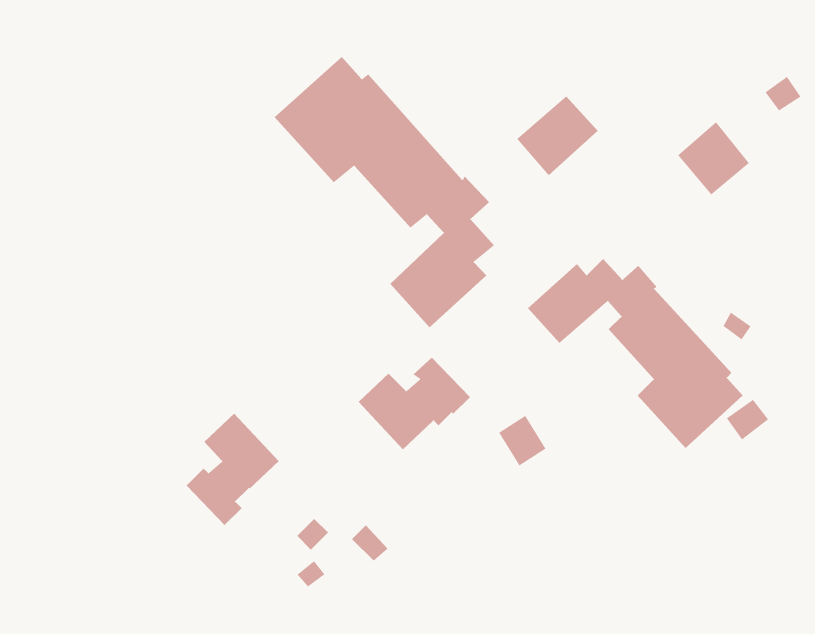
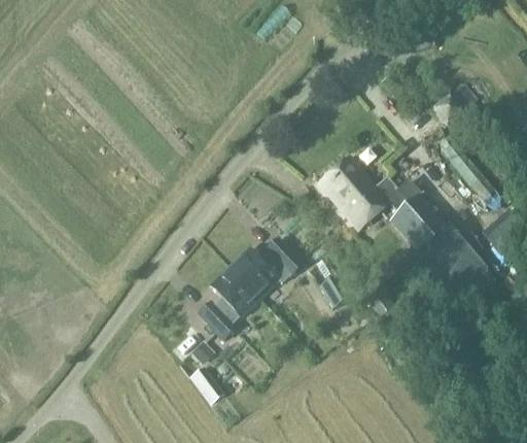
building: [274,56,495,328] -> none
building: [516,95,599,176] -> [317,156,370,207]
building: [186,413,279,526] -> [199,267,258,339]

